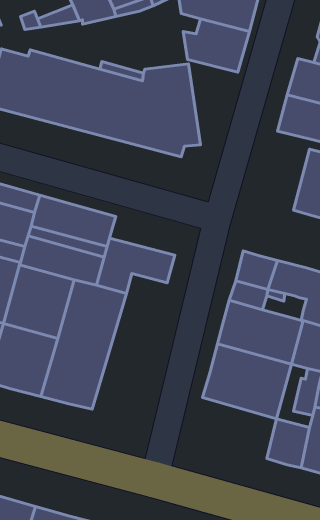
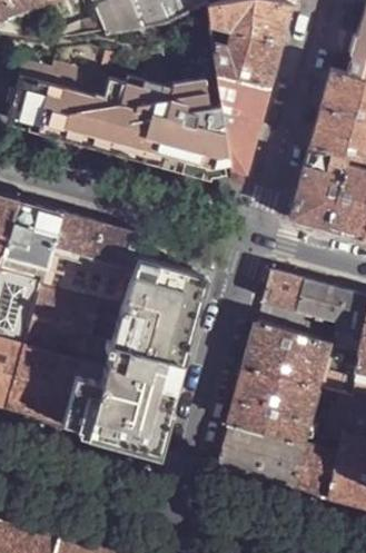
building: none -> [217,72,269,174]
building: none -> [289,147,346,229]
building: none -> [118,295,196,448]
building: none -> [221,424,309,487]

